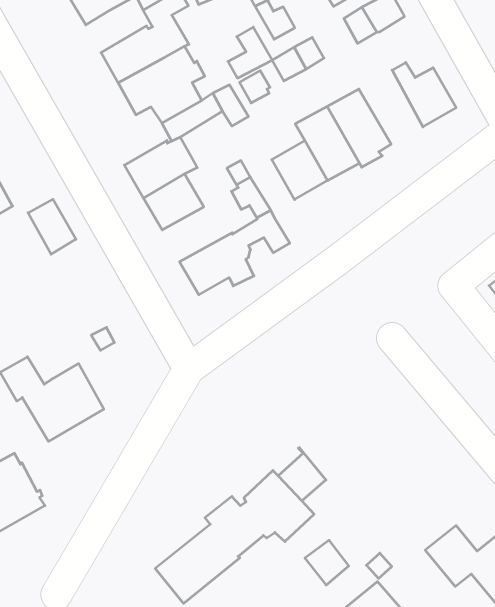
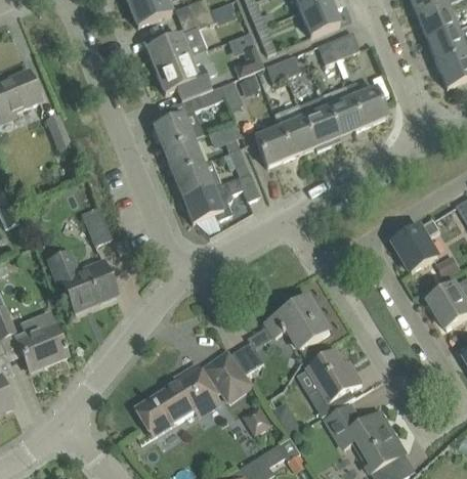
building: none -> [322,84,363,135]
building: [28,199,76,254] -> [82,207,113,245]
building: none -> [173,159,221,198]
building: none -> [267,296,330,348]
building: none -> [308,349,363,416]

